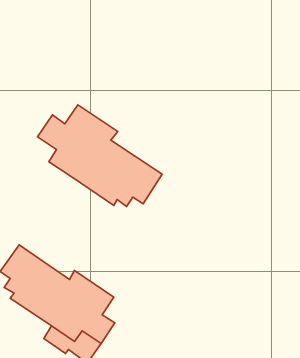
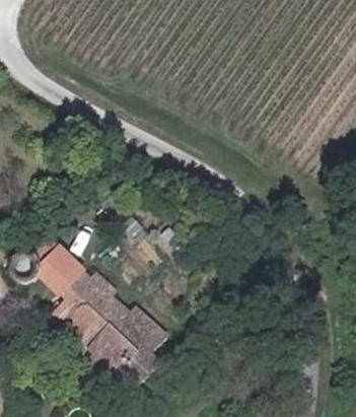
building: [37,105,162,207] -> none

